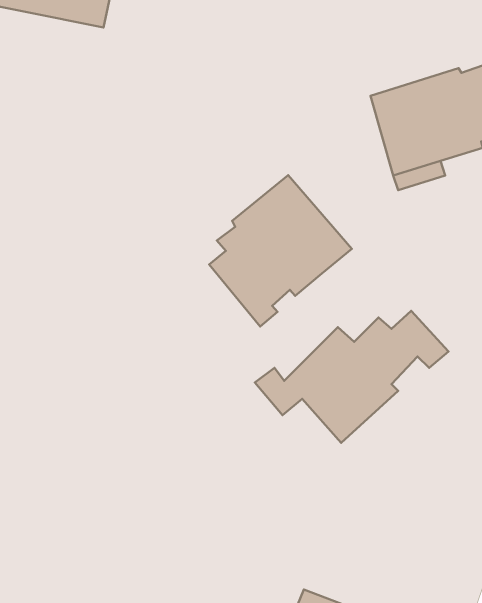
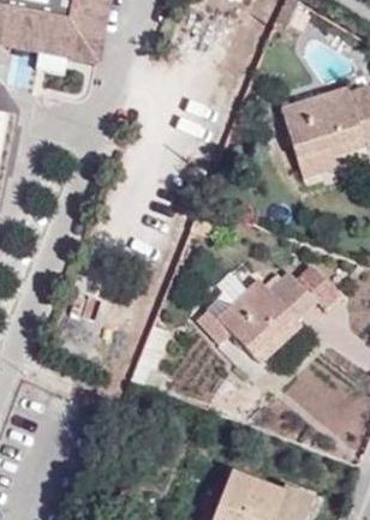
building: [209,175,352,327] -> none

